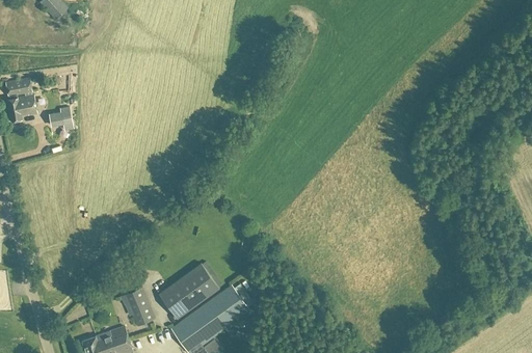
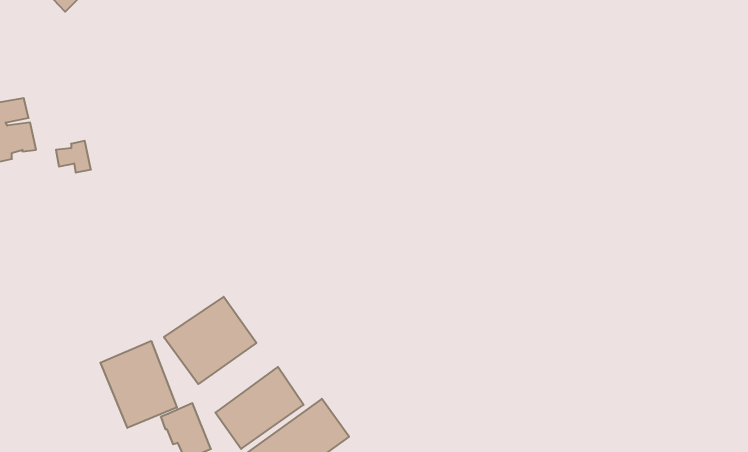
building: none -> [164,297,256,384]
building: none -> [100,341,177,428]

